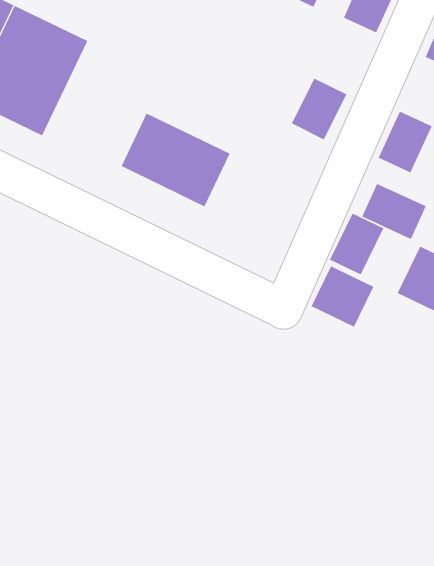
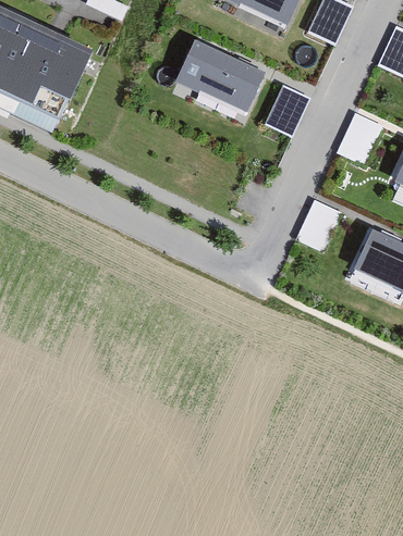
building: [121,113,230,207] -> [173,38,267,119]
building: [361,183,427,240] -> none
building: [311,265,374,327] -> none

